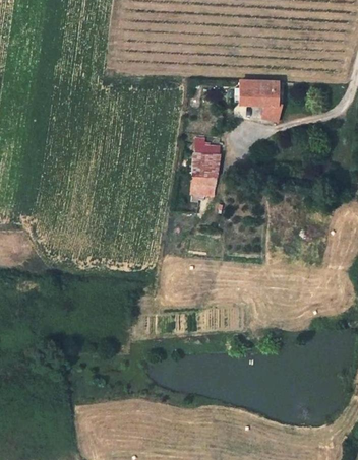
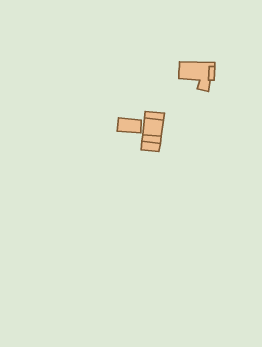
building: none -> [117,118,141,133]

